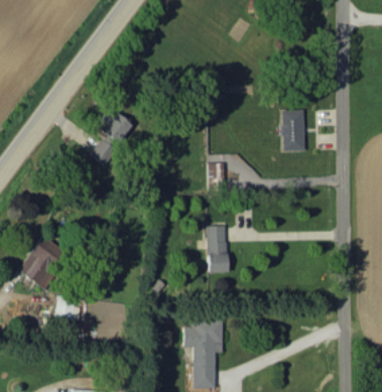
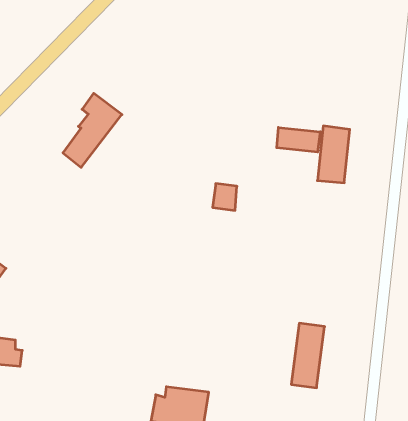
building: none -> [277,127,320,152]
building: [208,226,227,272] -> [291,323,325,388]

